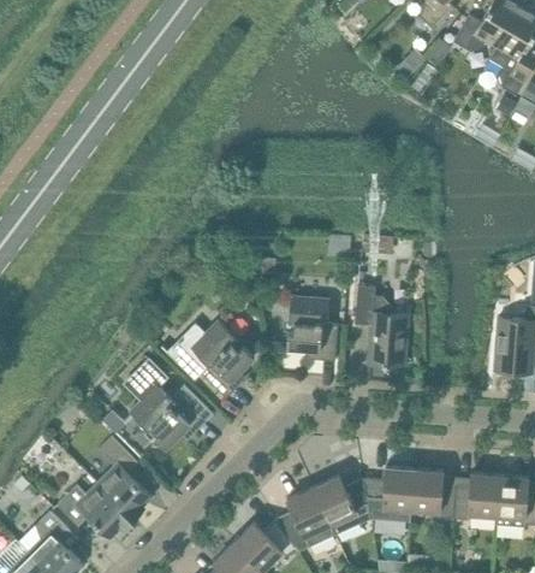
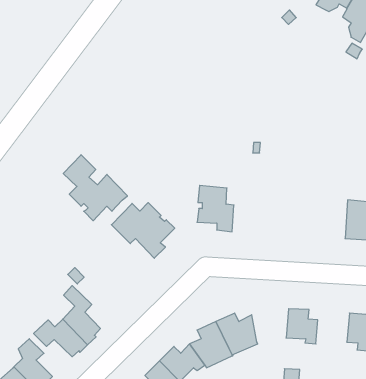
building: [355,283,409,365] -> none
building: [124,356,214,449] -> [63,155,127,221]
building: [363,467,415,521] -> none
building: [453,473,500,520] -> none

